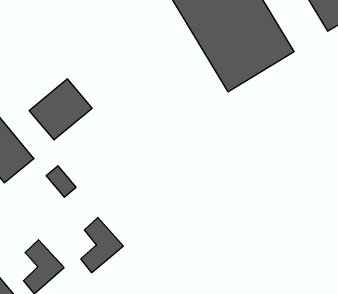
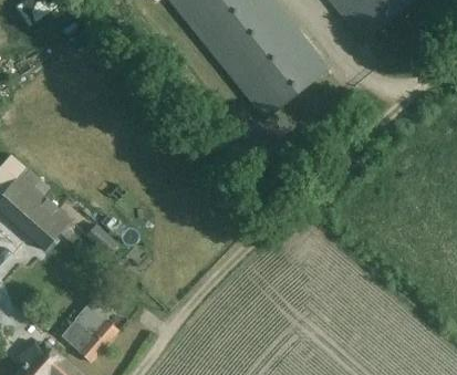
building: [29,79,92,140] -> none
building: [81,217,123,273] -> none

